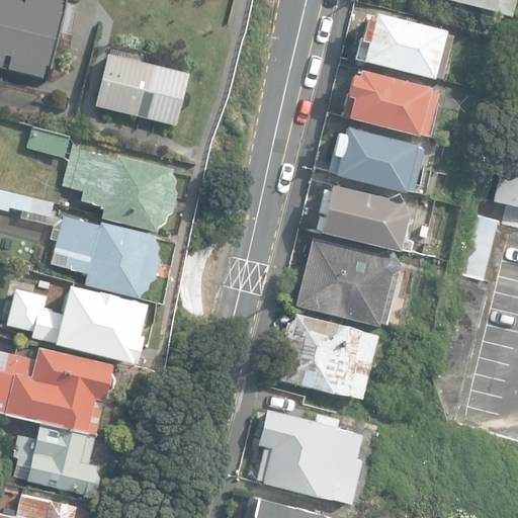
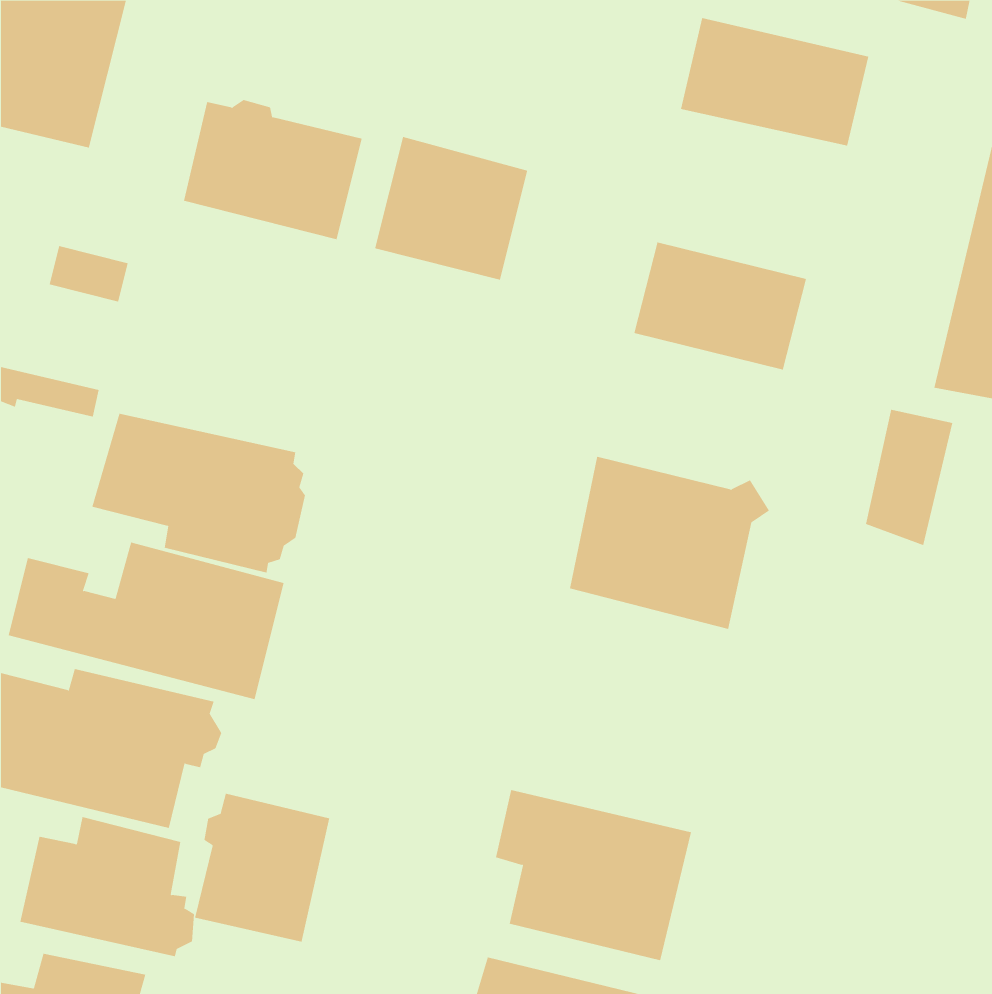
building: [344,68,434,134] -> none
building: none -> [375,136,528,281]
building: [63,147,178,232] -> none
building: [320,182,408,251] -> none
building: [278,313,374,400] -> none
building: none -> [195,793,330,942]

